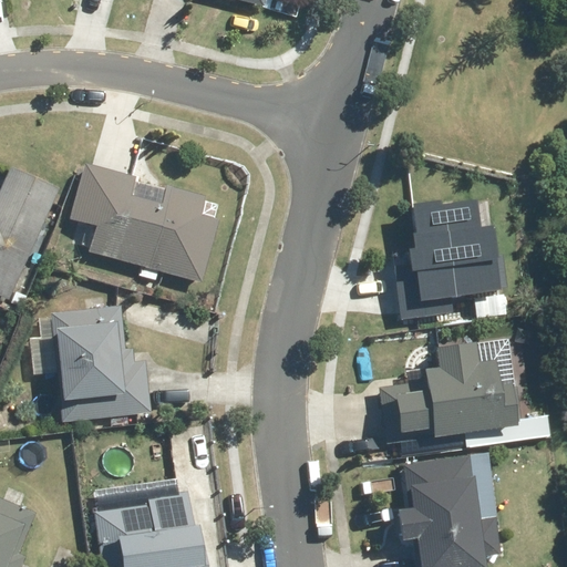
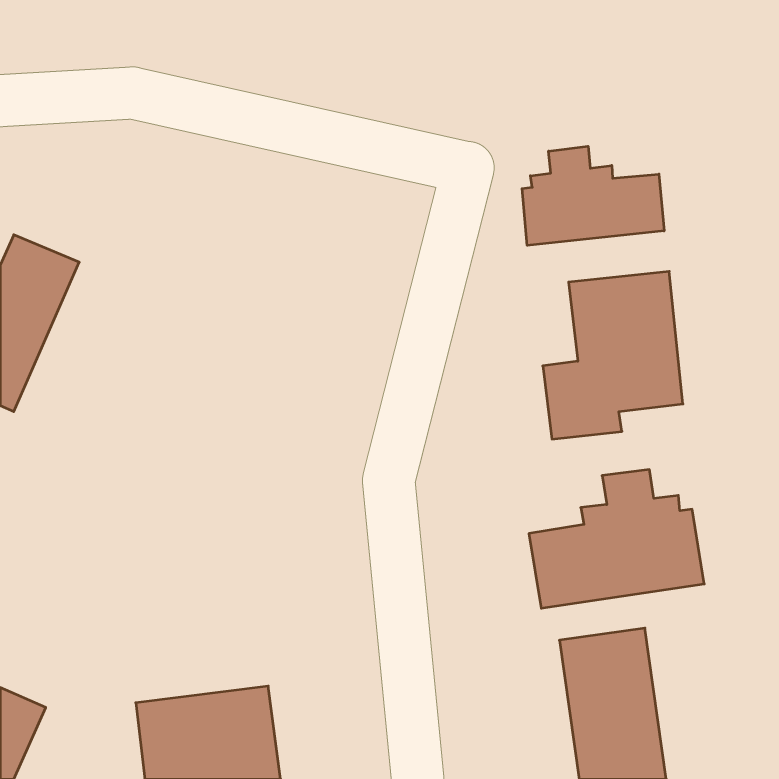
building: none -> [522,146,664,245]
building: [72,166,213,281] -> none
building: [55,310,152,417] -> none

